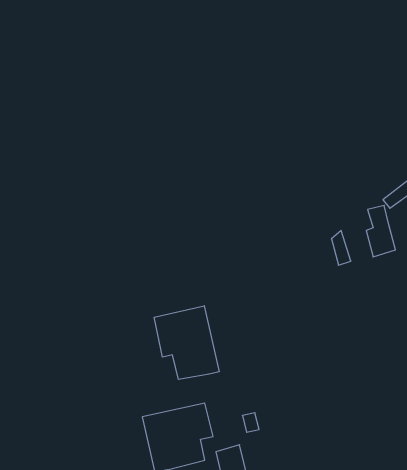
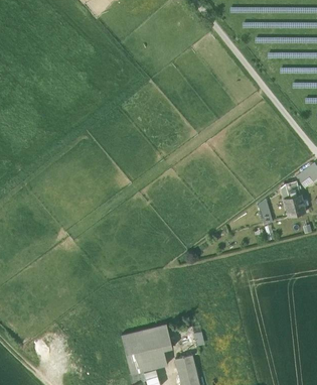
building: [154,306,219,379] -> none

